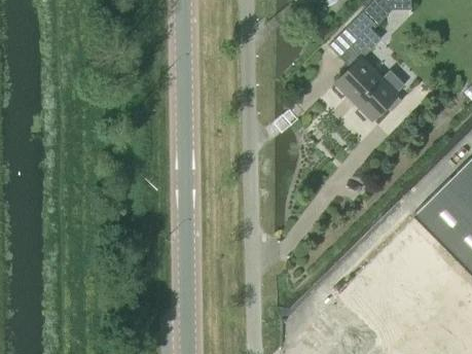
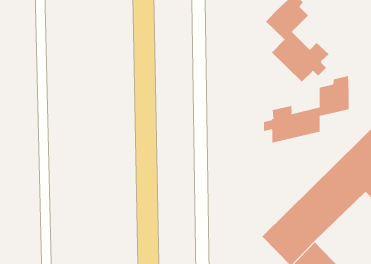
building: none -> [263,75,349,143]

